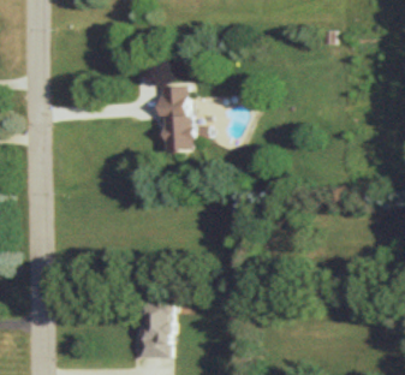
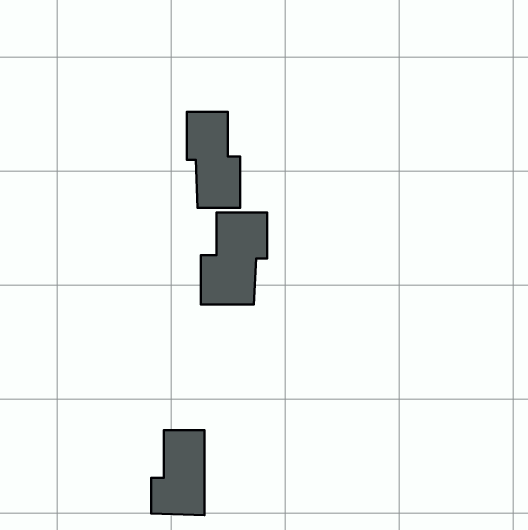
building: none -> [201,212,267,305]

